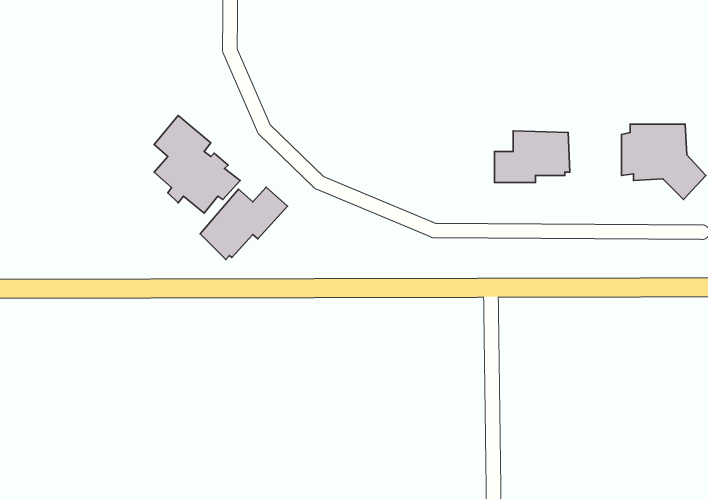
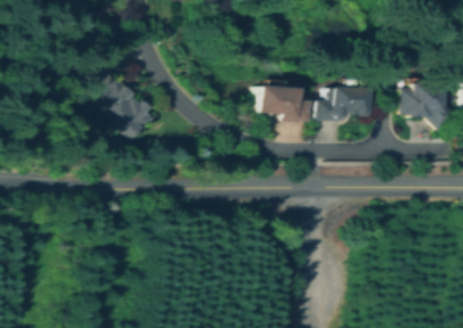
building: none -> [260,85,312,122]
building: [200,187,287,260] -> none

